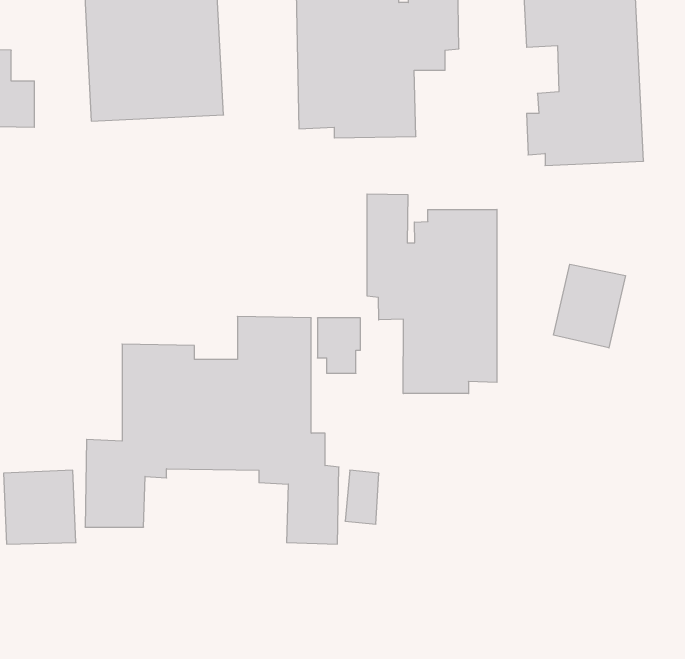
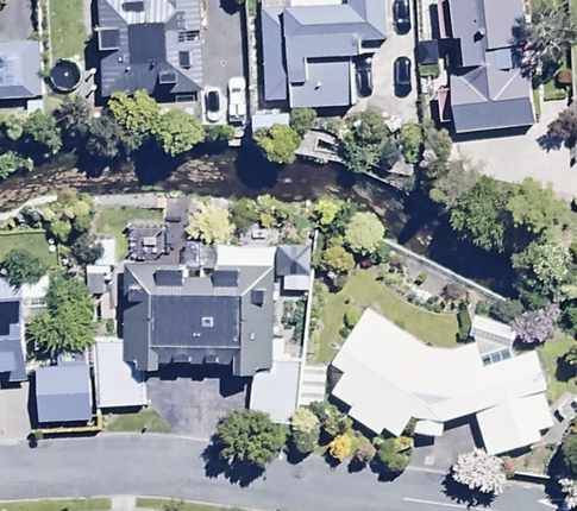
building: [367,194,497,394] -> none
building: [554,264,625,348] -> none
building: none -> [327,307,552,454]

